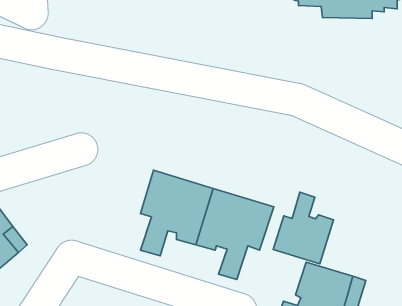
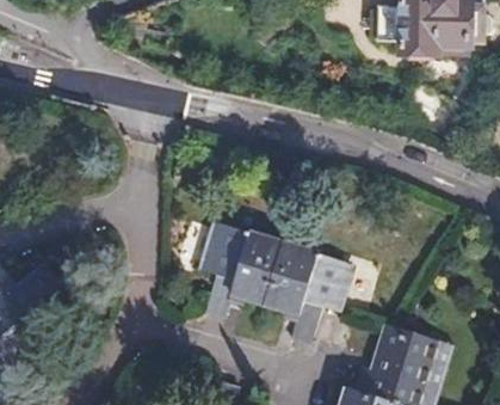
building: [273,192,333,264] -> none

